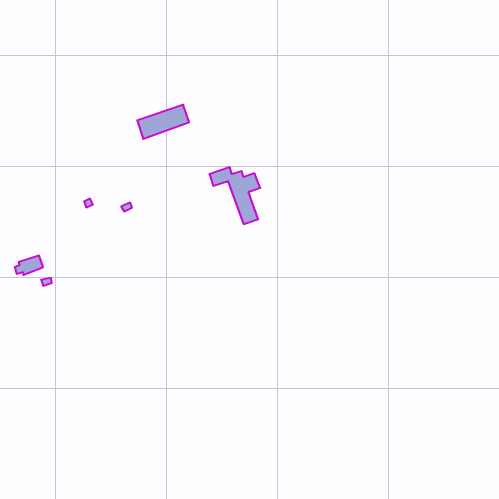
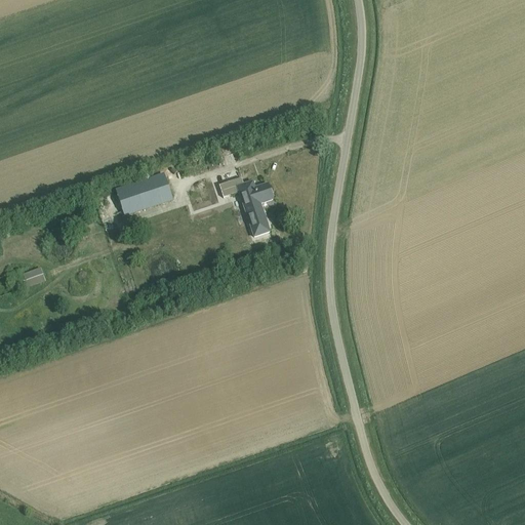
building: [137,105,189,139] -> [117,176,171,212]

